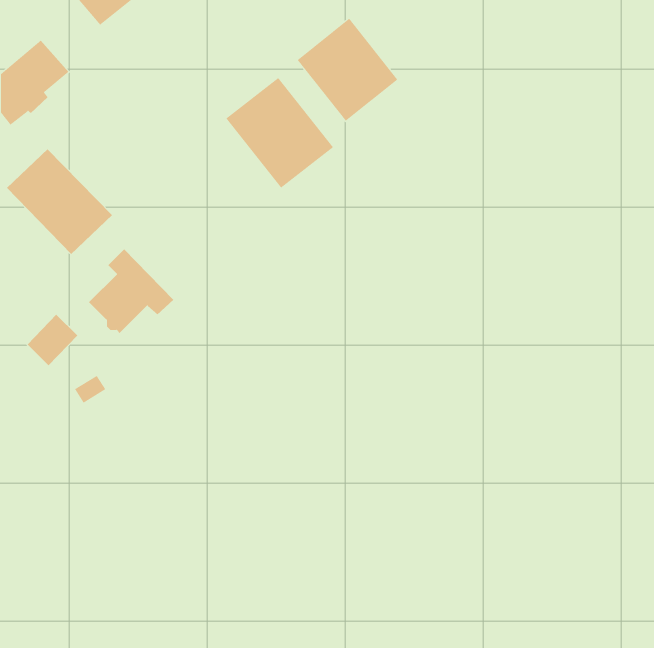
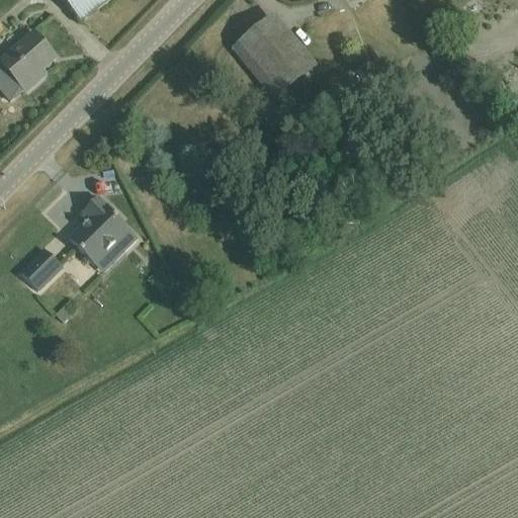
building: [226,77,334,188] -> none
building: [6,148,113,255] -> none

